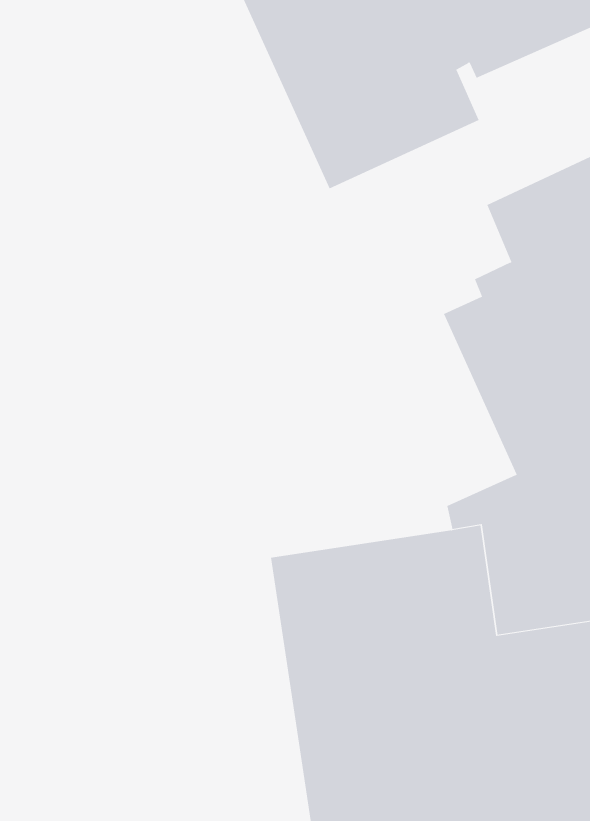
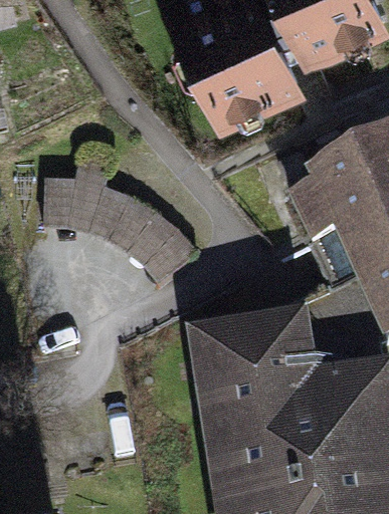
building: none -> [44,154,200,288]

